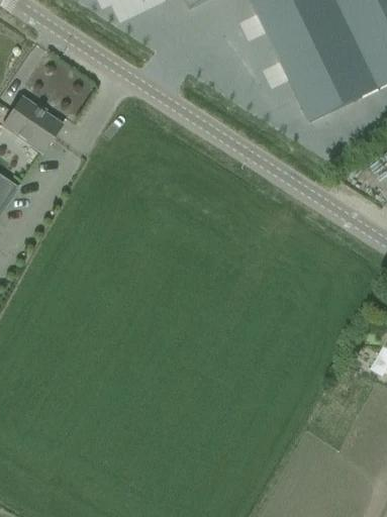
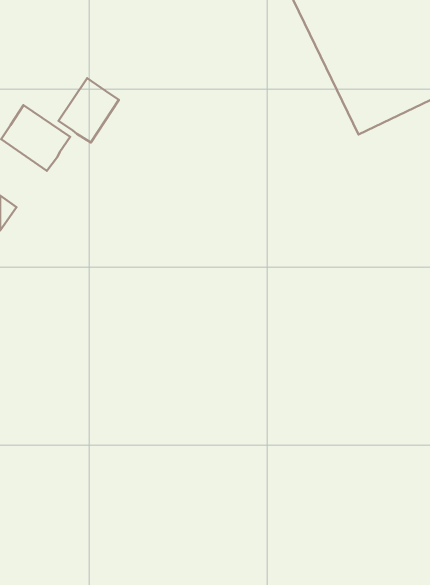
building: none -> [58,78,119,142]

